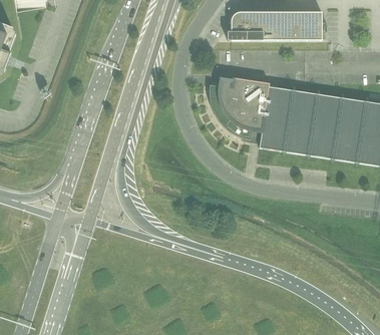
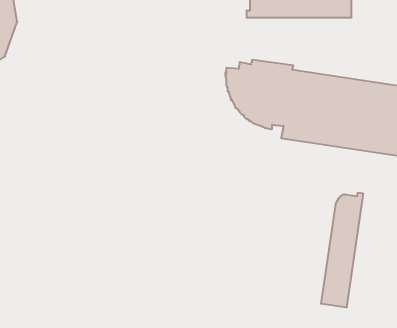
building: none -> [321,193,363,308]

